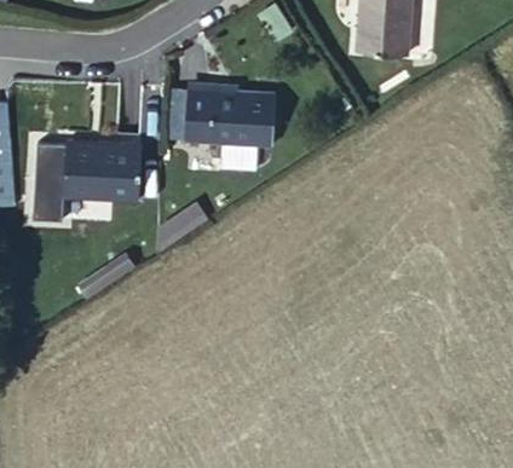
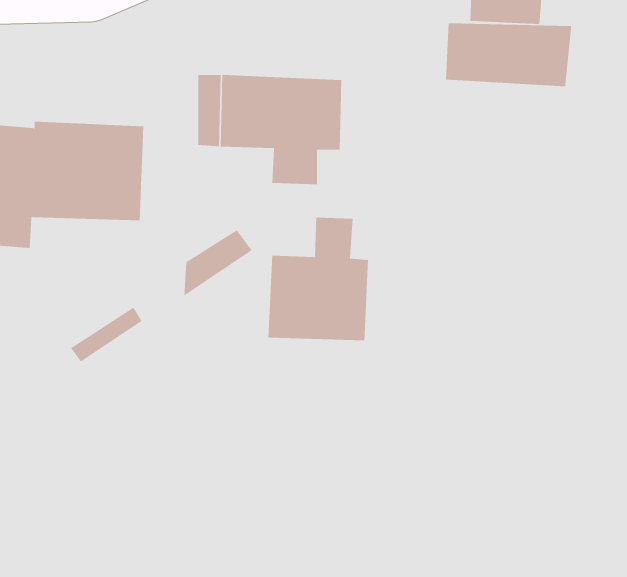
building: none -> [445,22,572,87]
building: none -> [268,217,369,341]

